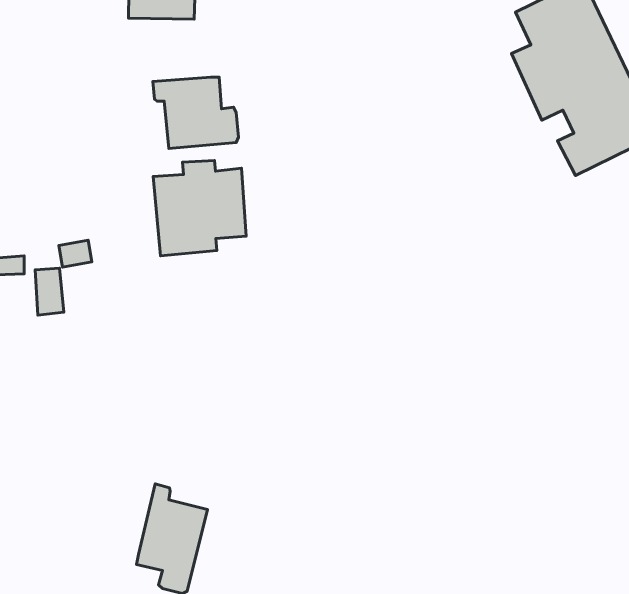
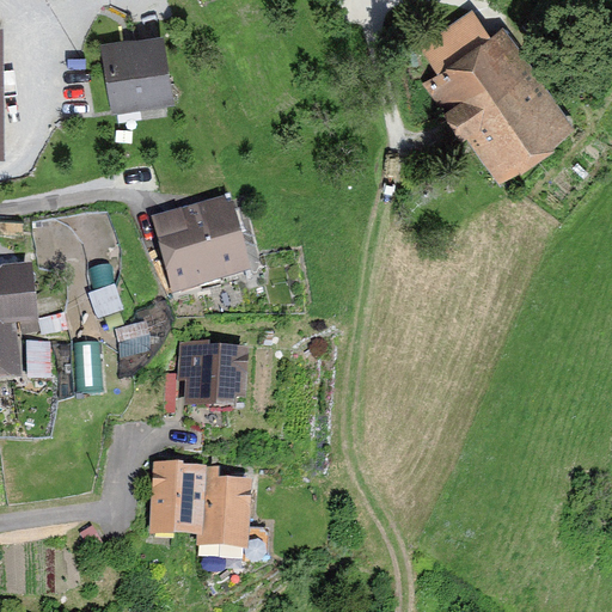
building: [153,77,238,149] -> none
building: none -> [182,344,244,403]
building: none -> [155,467,202,532]

